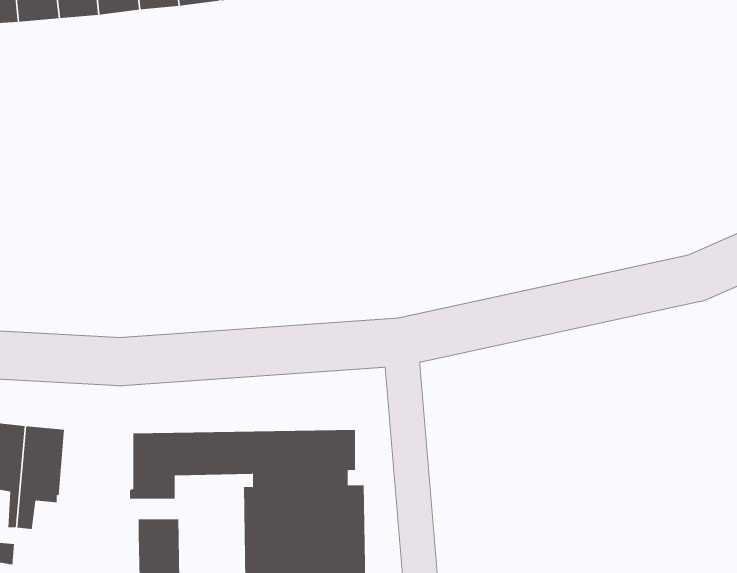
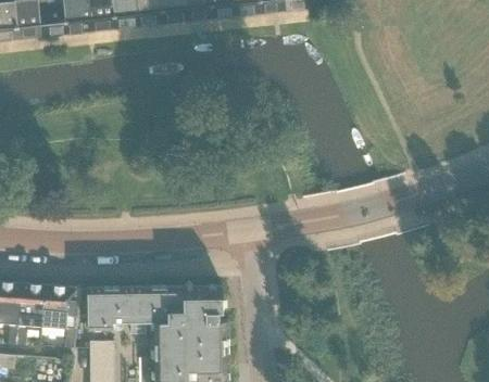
building: none -> [40,286,78,349]

